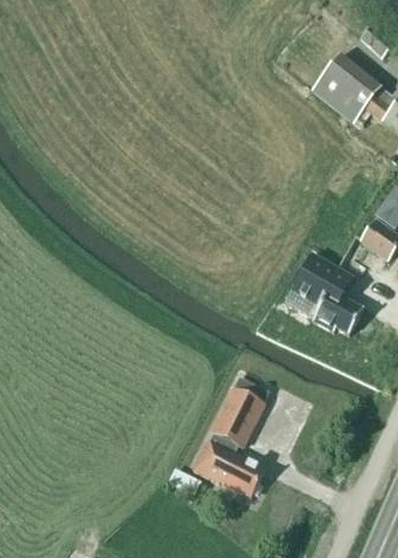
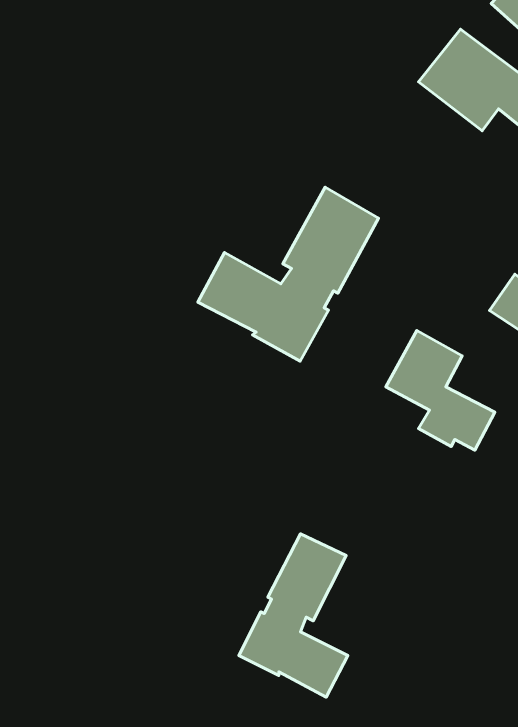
building: none -> [198,187,379,361]

